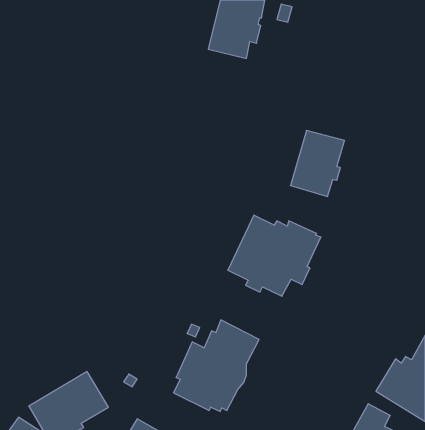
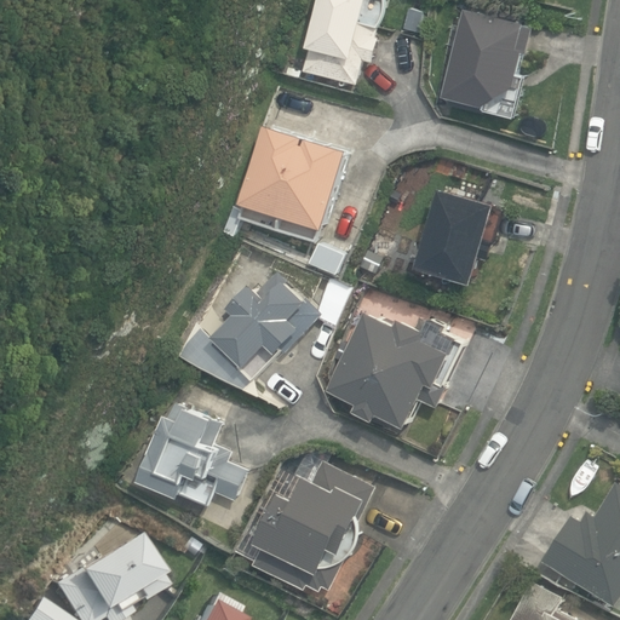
building: none -> [441,11,522,120]
building: none -> [236,126,344,230]
building: none -> [208,271,317,381]
building: none -> [138,407,240,504]

